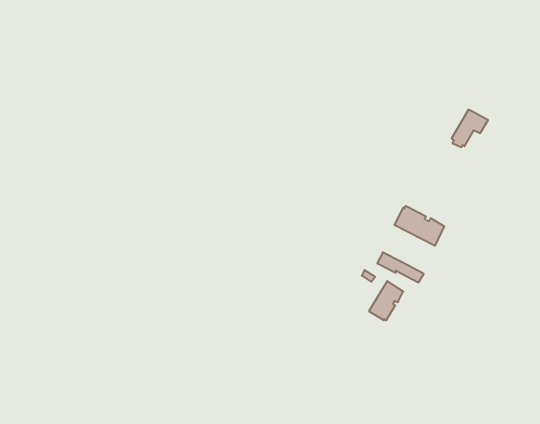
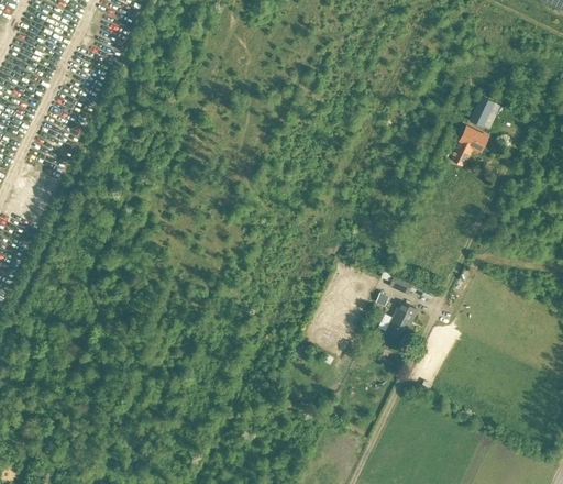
building: none -> [470,96,496,127]
building: [395,206,444,246] -> none

